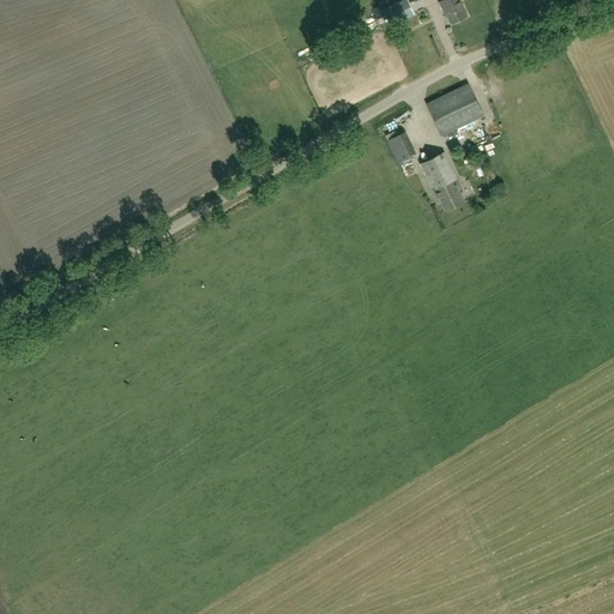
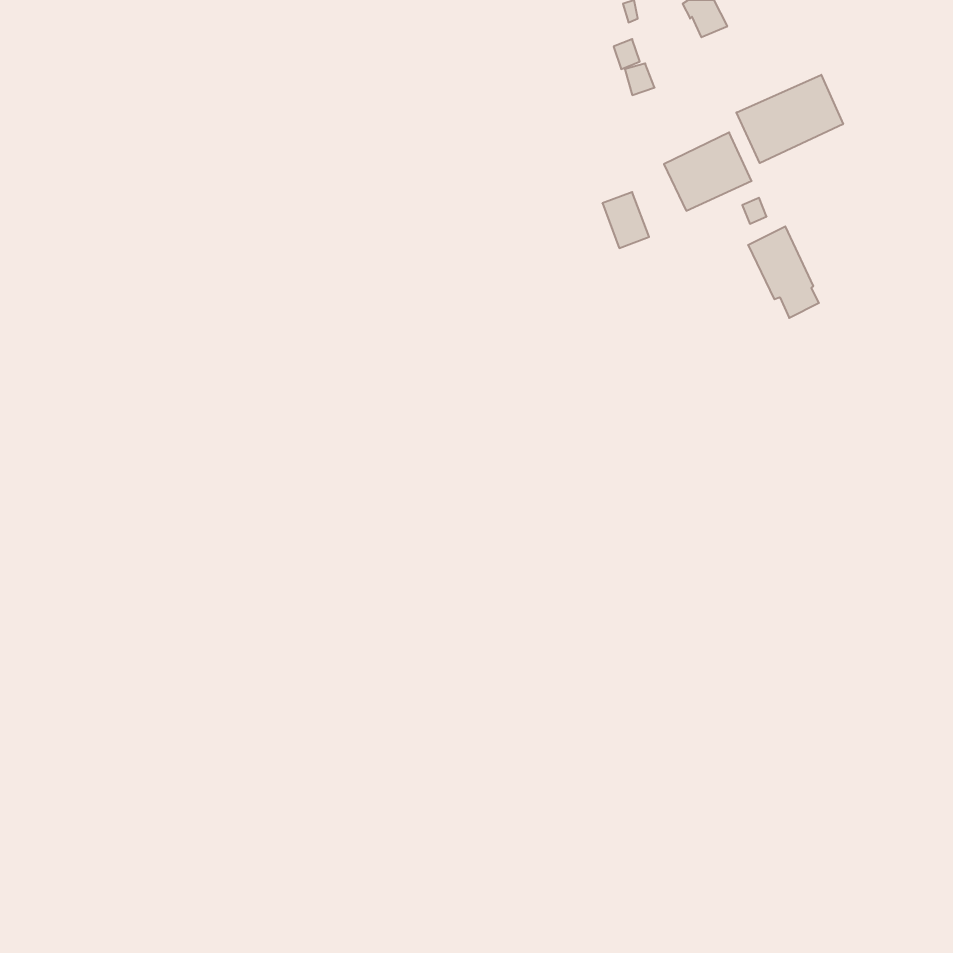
building: none -> [736,75,843,163]
building: [420,152,465,211] -> [748,226,819,318]

